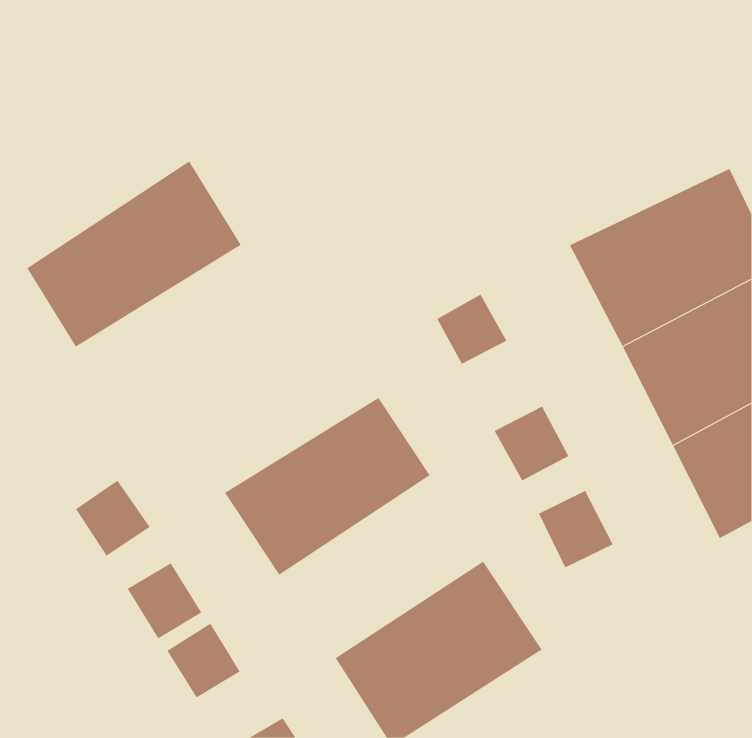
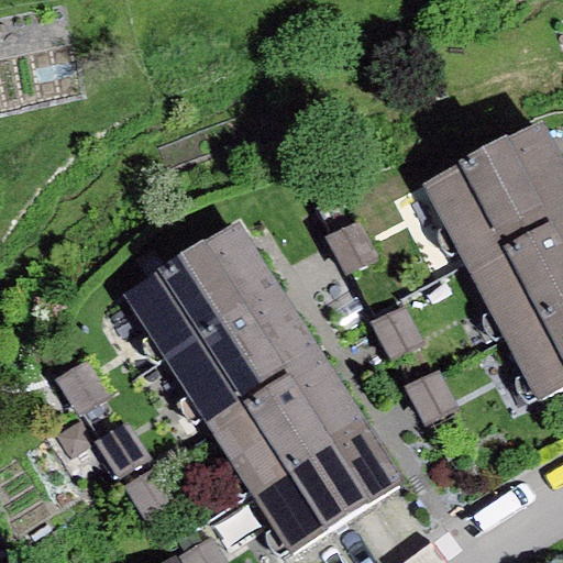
building: [26,161,241,348] -> none
building: none -> [125,227,283,367]
building: none -> [208,354,361,490]

